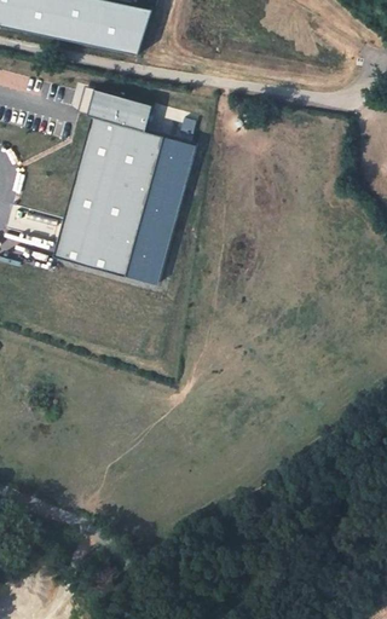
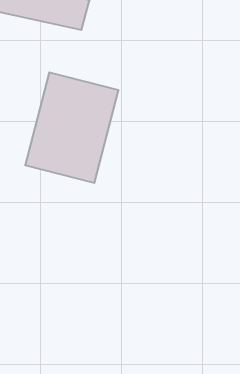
building: [77,86,150,131] -> none

